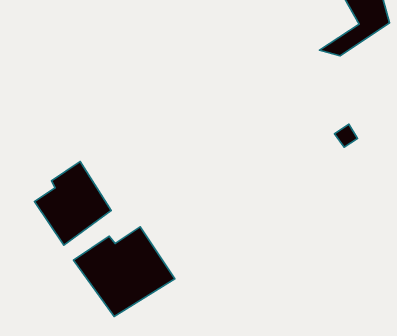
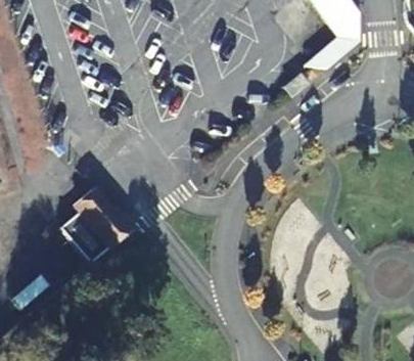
building: [74,227,175,316] -> none

